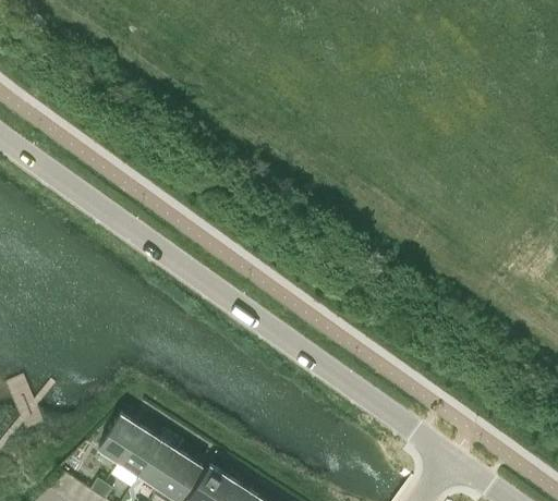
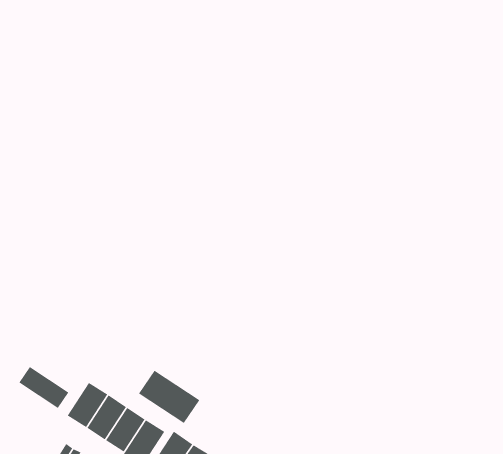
building: none -> [19,366,69,409]
building: none -> [138,370,200,424]

